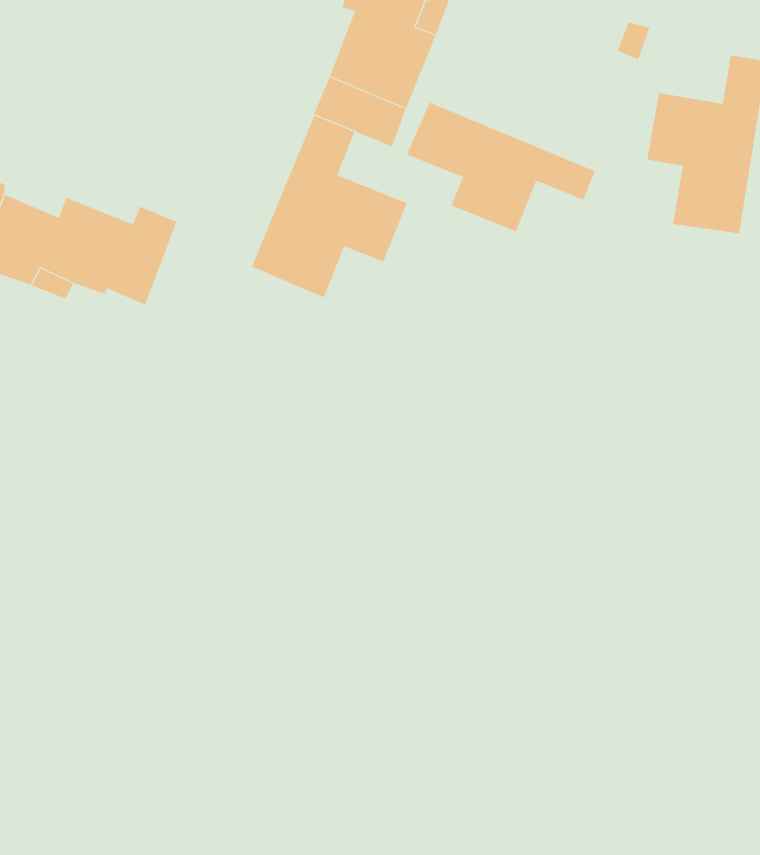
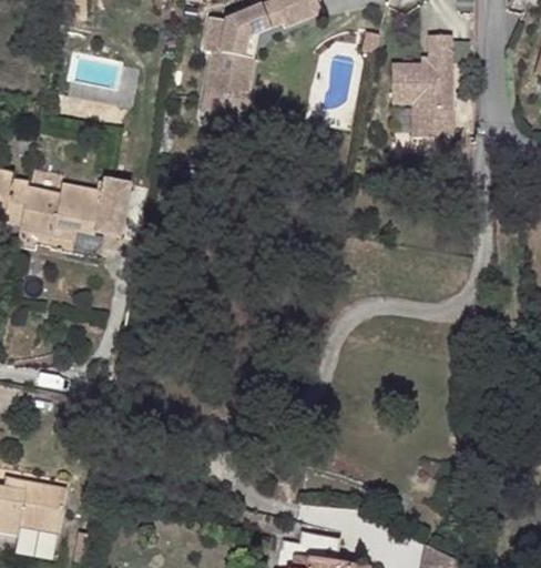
building: [406,102,595,232] -> none
building: [251,115,407,298] -> none

